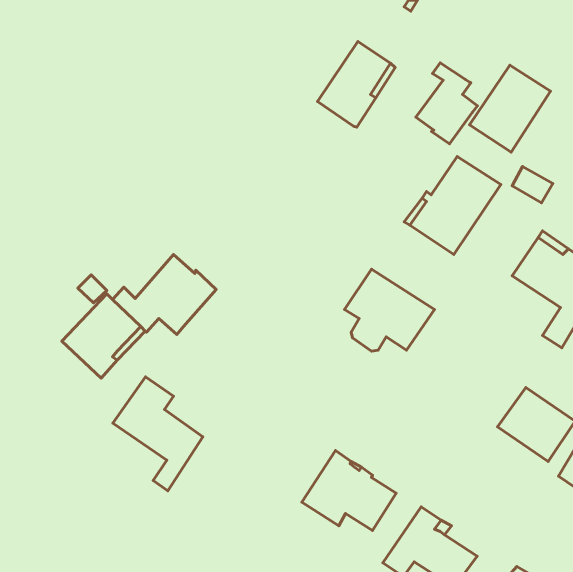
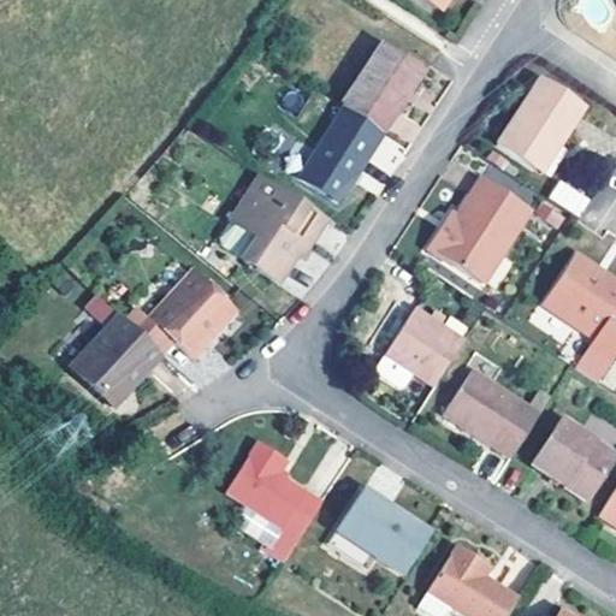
building: [416,63,477,144] -> none
building: none -> [297,112,380,207]
building: none -> [217,180,319,285]
building: none -> [443,367,539,454]
building: [113,377,203,491] -> [221,436,318,557]

